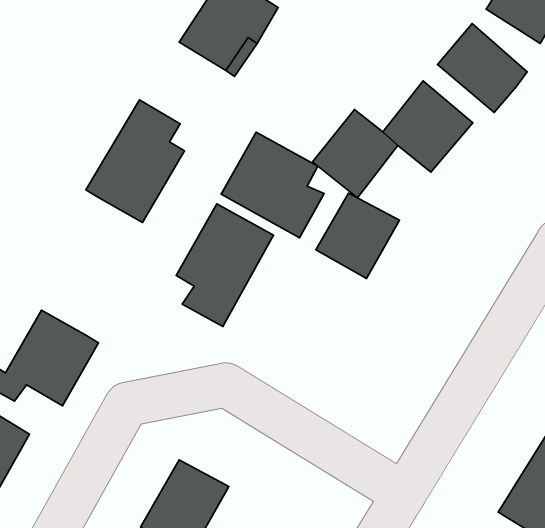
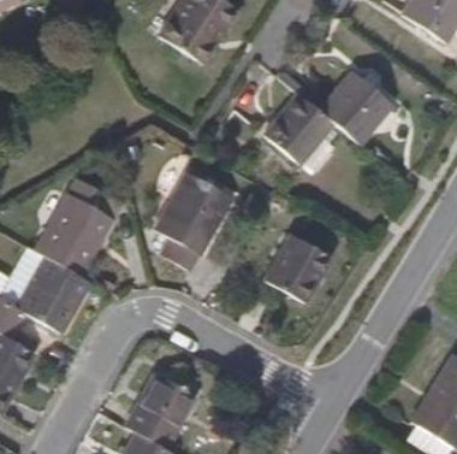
building: [437,23,527,112] -> none
building: [86,100,185,223] -> [35,177,114,276]
building: [221,132,324,238] -> none
building: [316,193,400,278] -> [262,234,330,302]

